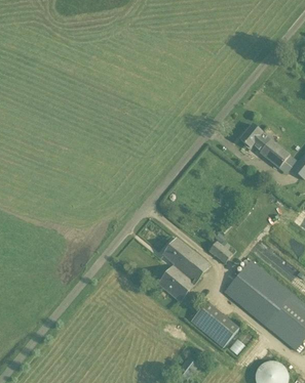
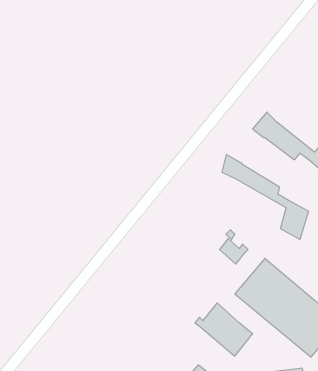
building: none -> [222,154,308,239]
building: [158,238,209,300] -> none

